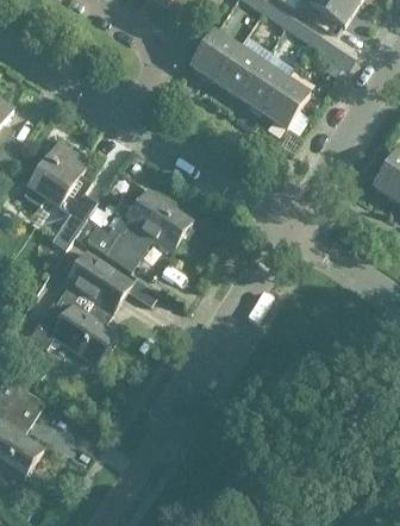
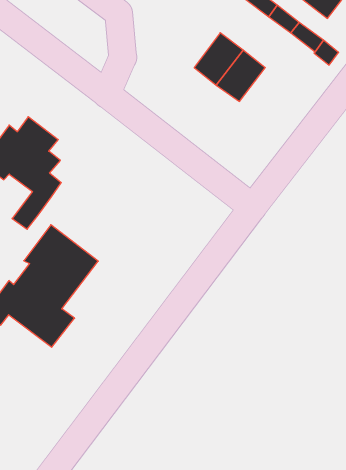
building: [192,31,238,82] -> none
building: [262,77,308,129] -> none
building: [74,190,192,269] -> none

